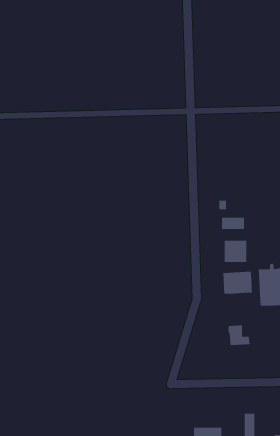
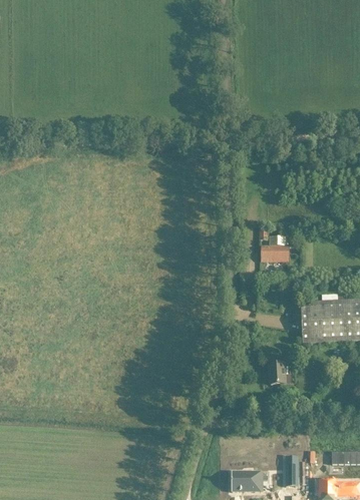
building: [224,240,247,263] -> none
building: [223,271,252,295] -> none

